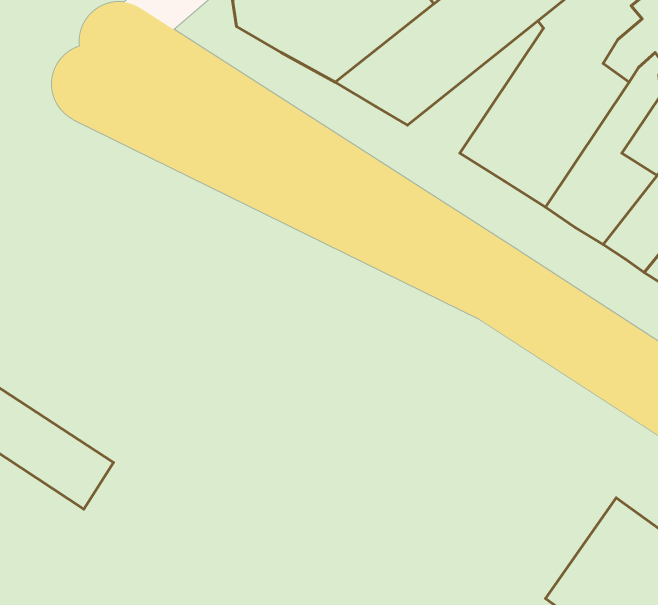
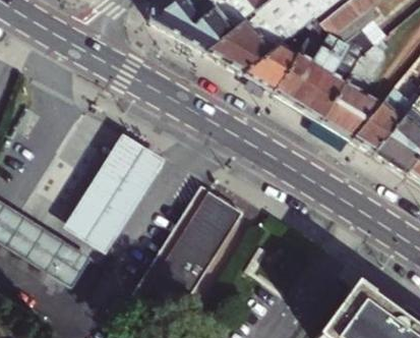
building: none -> [246,17,320,90]
building: none -> [64,134,166,256]
building: none -> [142,181,253,315]

